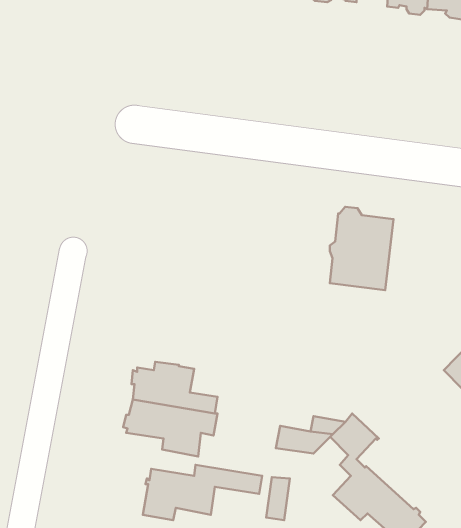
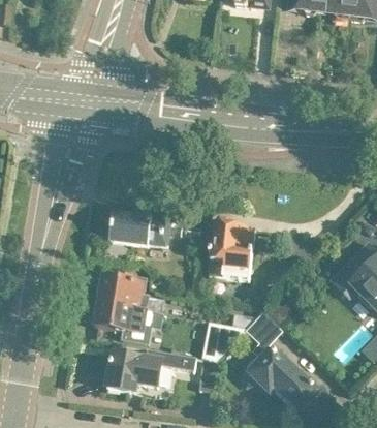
building: [330,207,394,290] -> [208,218,255,280]
building: none -> [106,210,171,245]

